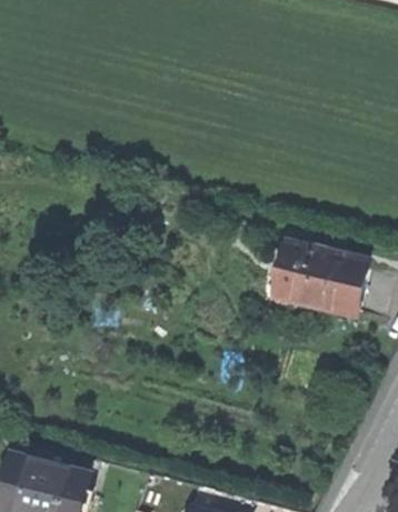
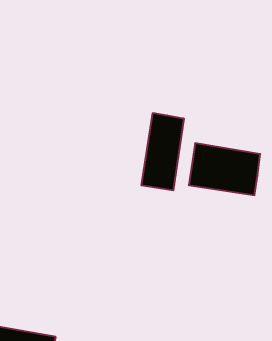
building: none -> [141,113,184,190]

